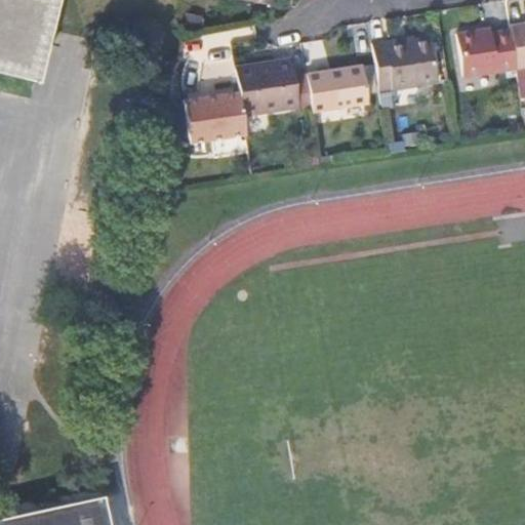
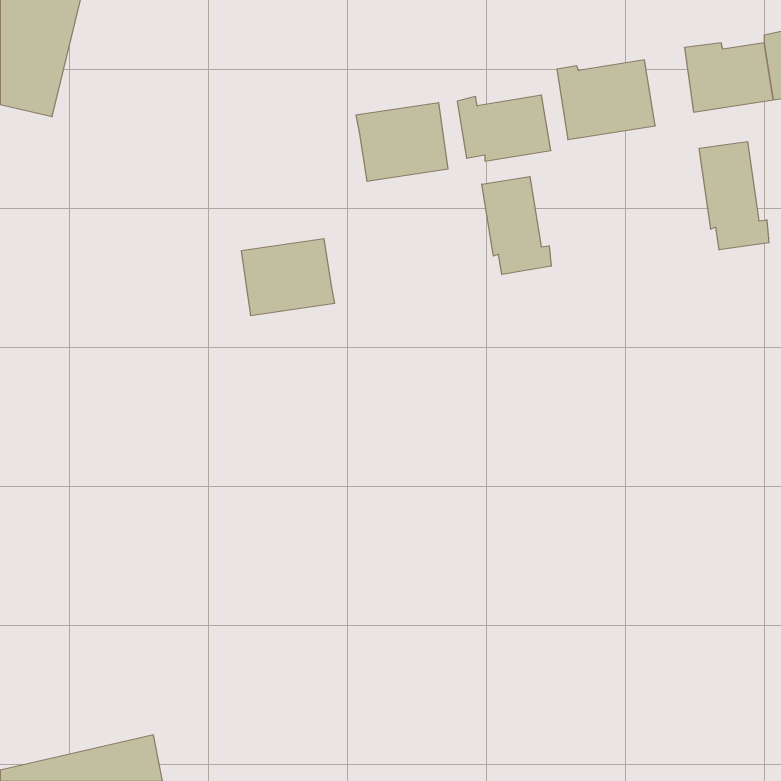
building: [187,88,249,139] -> [241,239,335,315]
building: none -> [699,142,769,250]
building: none -> [482,176,551,274]

